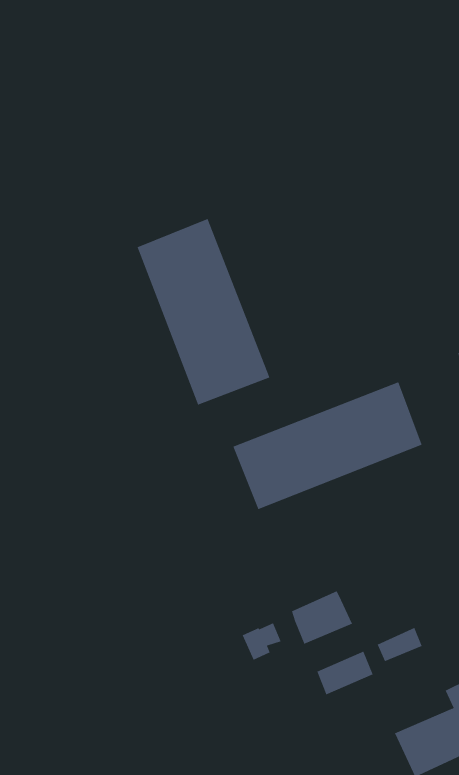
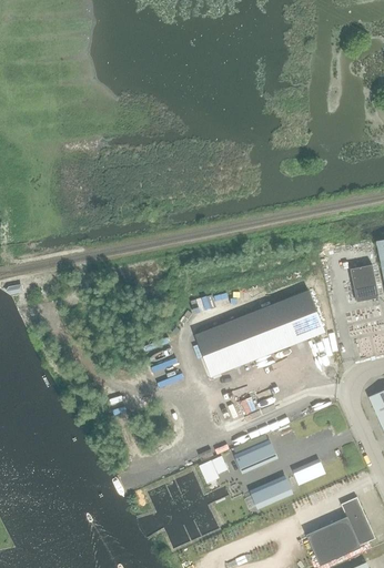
building: [137,218,270,405] -> none

